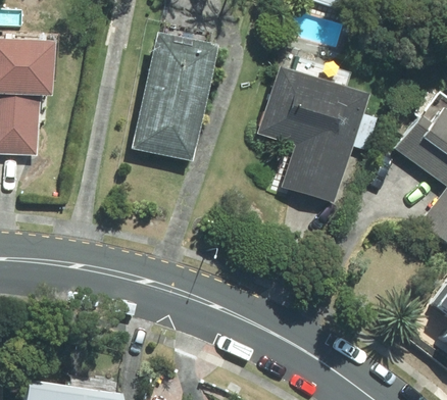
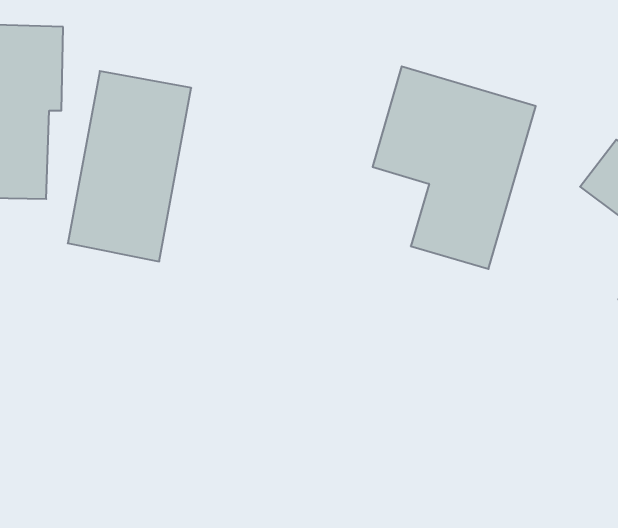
building: [133,33,215,160] -> [68,71,191,261]

